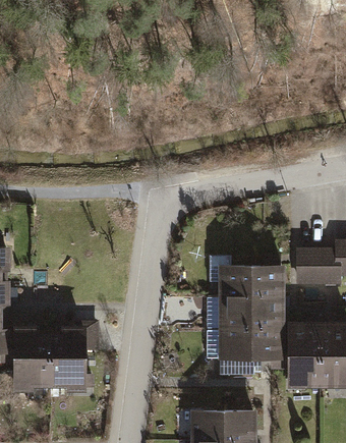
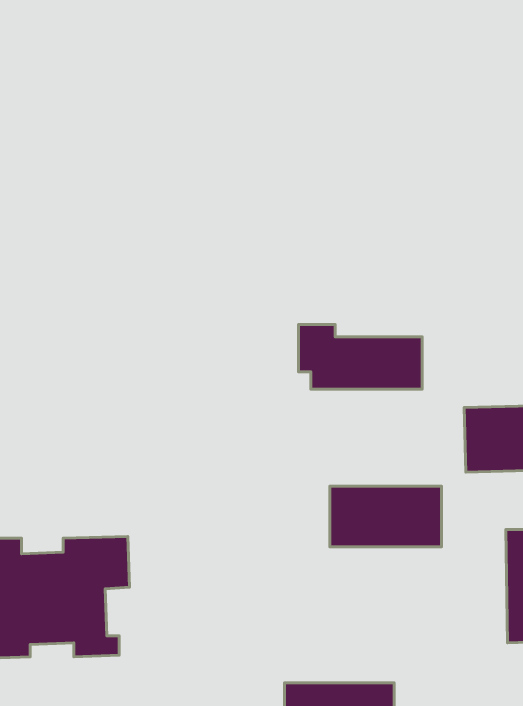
building: [210,257,282,294] -> [299,325,422,389]
building: [287,320,321,386] -> none
building: [217,330,282,358] -> none

